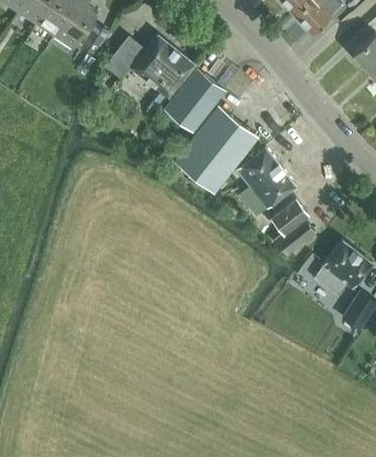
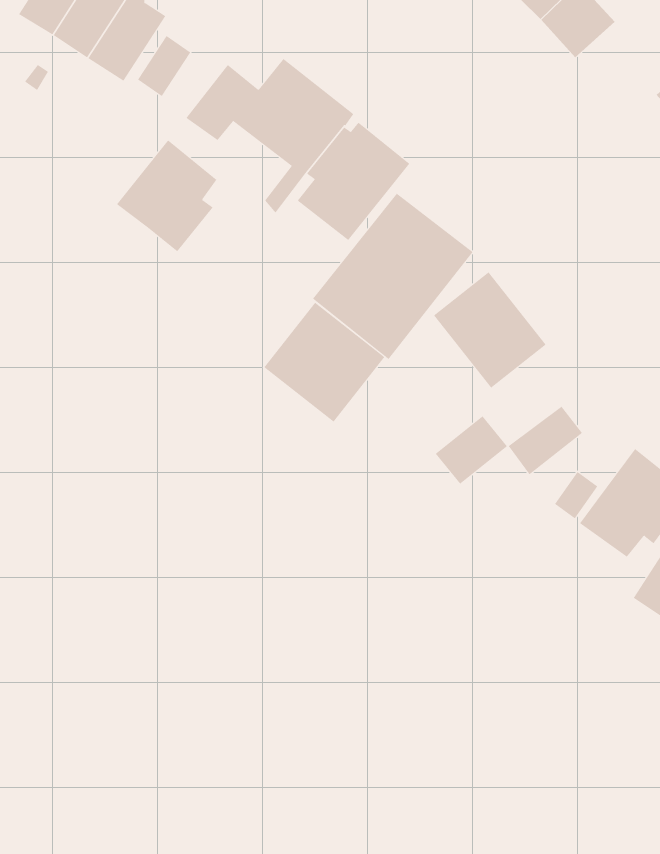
building: none -> [116,139,217,252]
building: none -> [263,302,385,423]
building: [270,198,308,234] -> [435,416,508,485]

